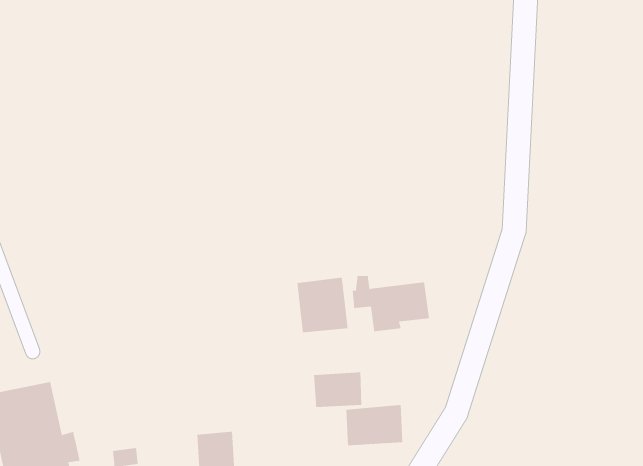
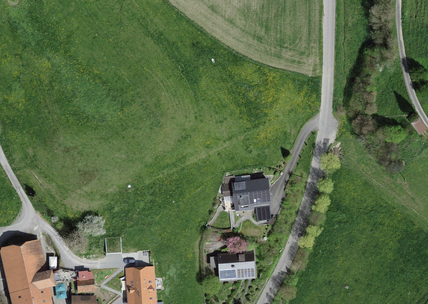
building: [297,277,348,333] -> none
building: [313,372,362,408] -> none

